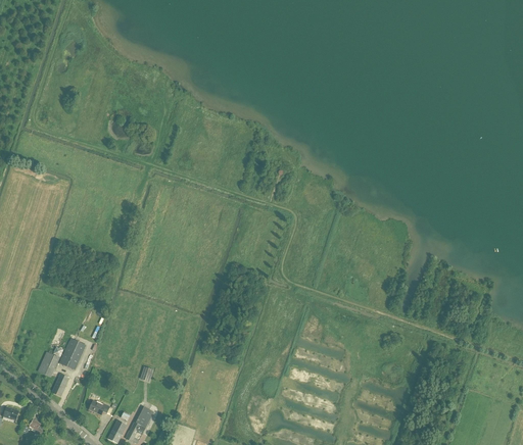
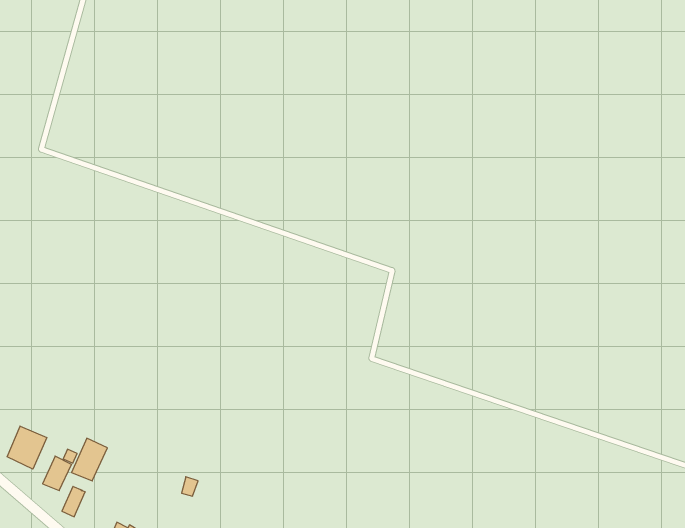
building: none -> [7,426,47,469]

